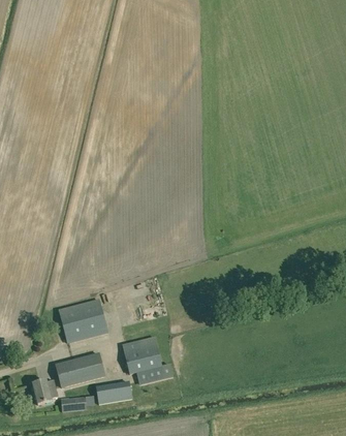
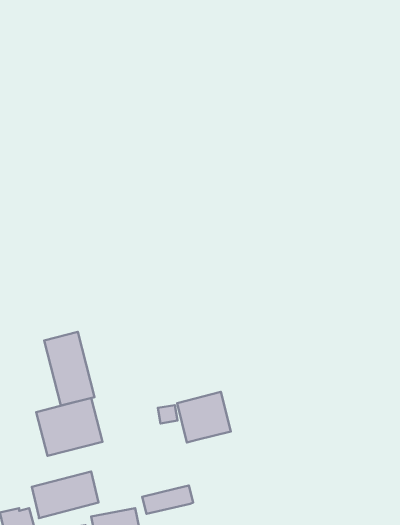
building: none -> [44,332,95,406]
building: [121,337,160,374] -> [177,392,231,443]

